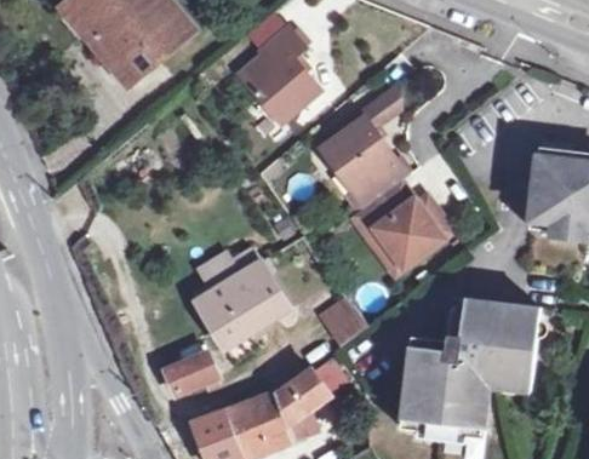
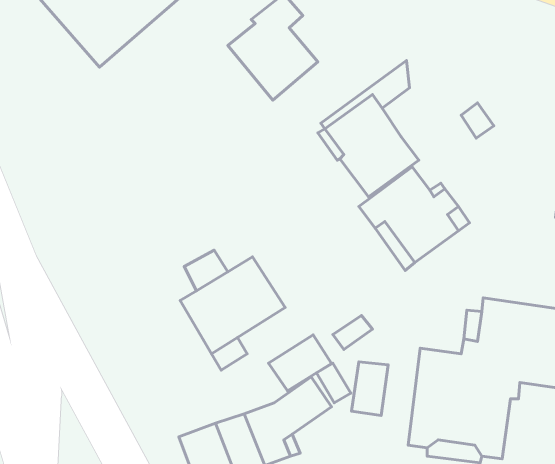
building: none -> [269,335,332,391]
building: [165,351,216,391] -> none
building: none -> [352,362,388,415]

